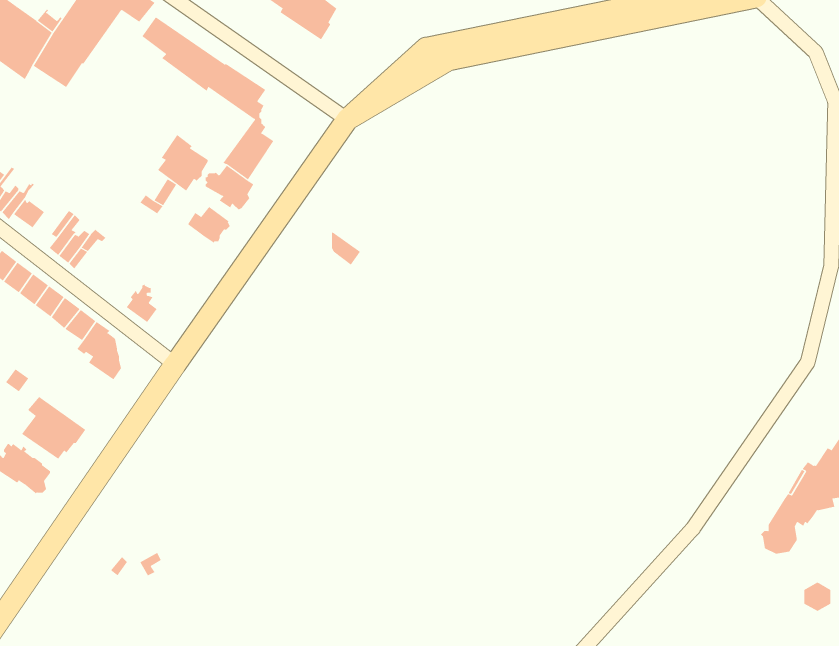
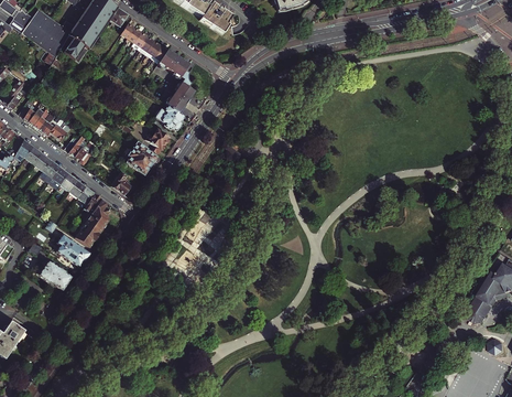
building: [157,134,208,192] -> [127,141,155,173]
building: none -> [75,215,105,246]

